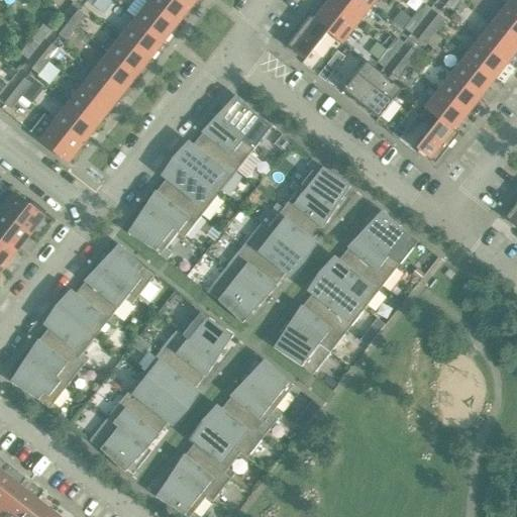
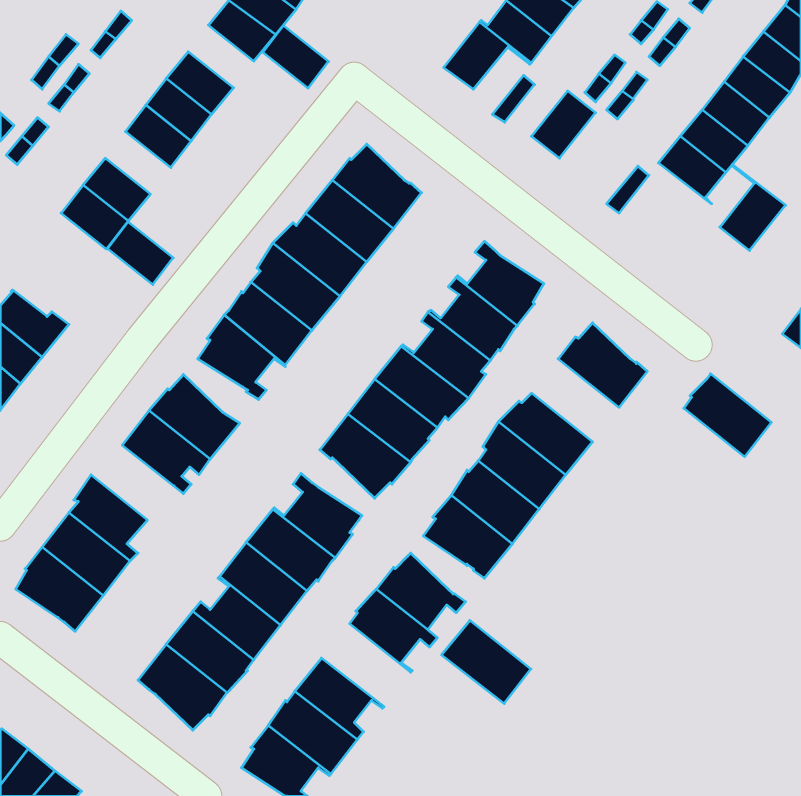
building: [121,16,164,57] -> [263,25,329,88]
building: [360,73,402,116] -> none
building: [68,85,110,125] -> [107,222,173,285]
building: [416,105,458,161] -> [720,164,786,251]
building: [342,231,399,285] -> [684,374,771,457]
building: [59,287,112,335] -> none
building: [207,402,265,455] -> [442,620,531,704]

